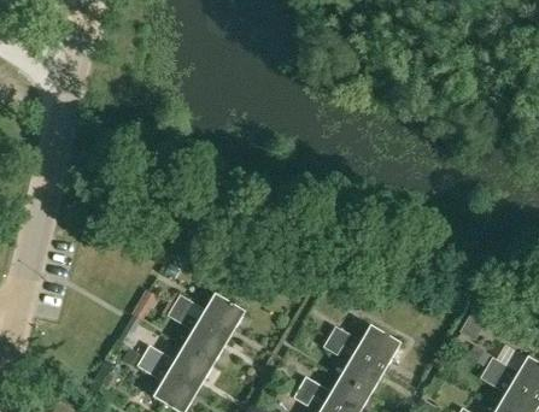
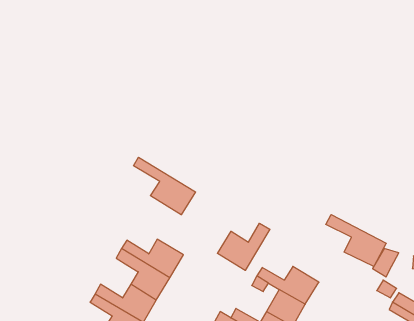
building: none -> [134,157,196,215]
building: none -> [326,215,386,267]
building: none -> [217,223,270,270]

